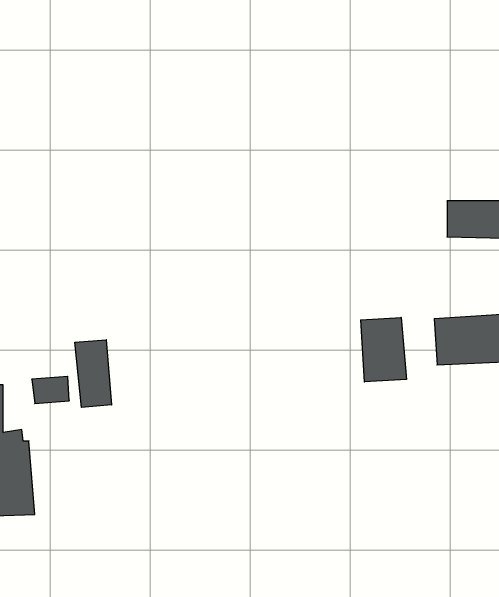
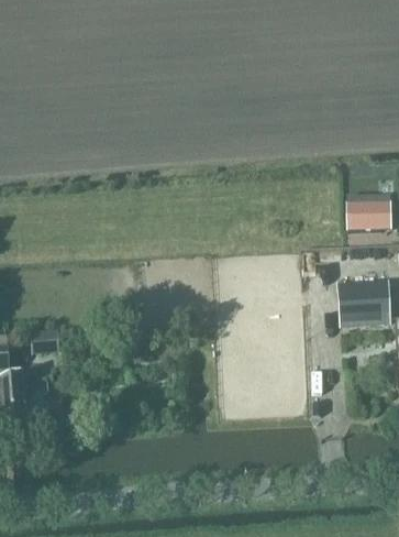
building: [361,317,406,382] -> none
building: [75,340,112,407] -> none

